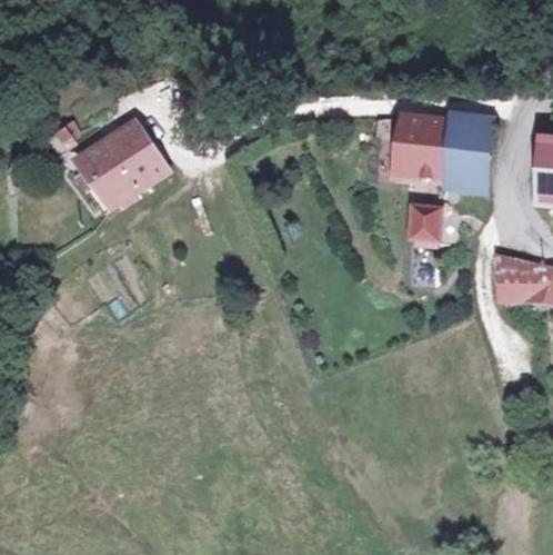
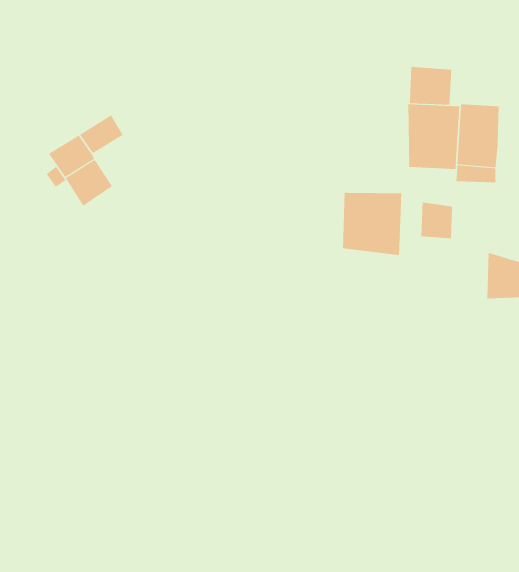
building: none -> [409,66,452,106]
building: [114,142,162,190] -> none
building: none -> [342,192,402,256]

